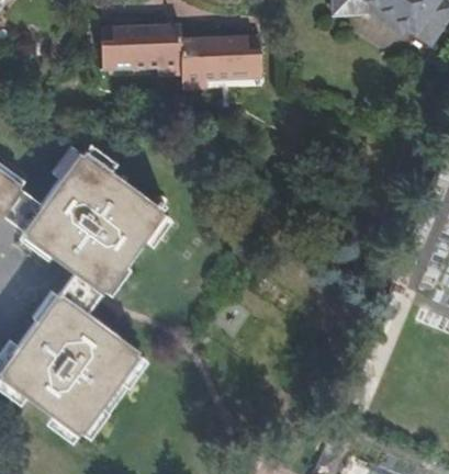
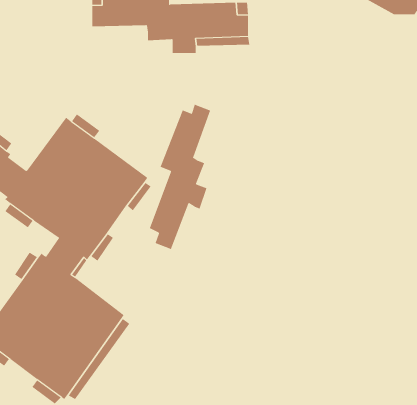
building: none -> [149,104,211,250]

